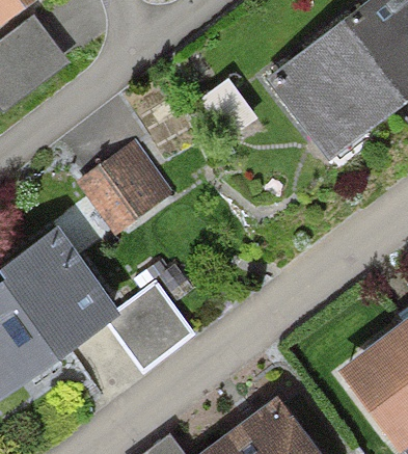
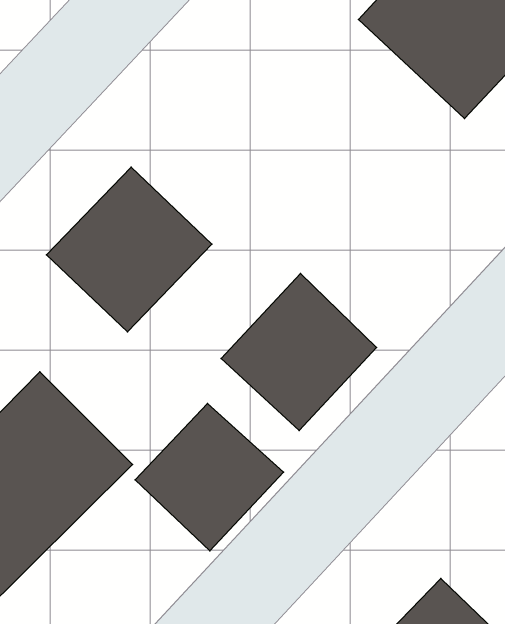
building: none -> [221,274,377,431]

